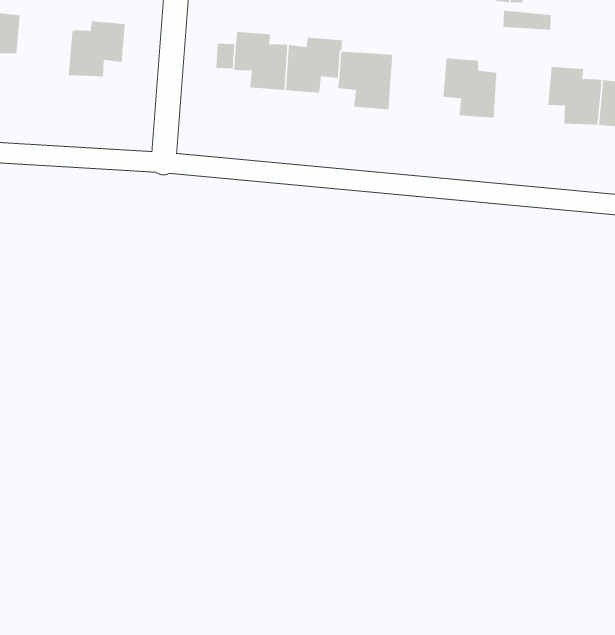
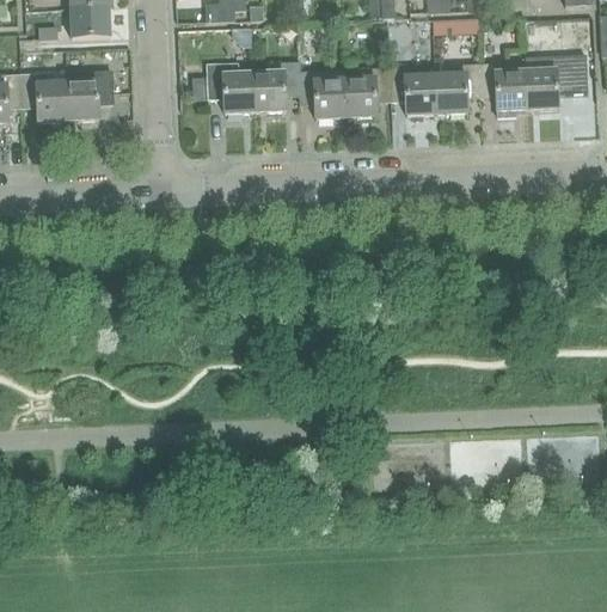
building: none -> [22,73,68,122]
building: none -> [344,67,391,117]
building: none -> [435,63,482,114]

